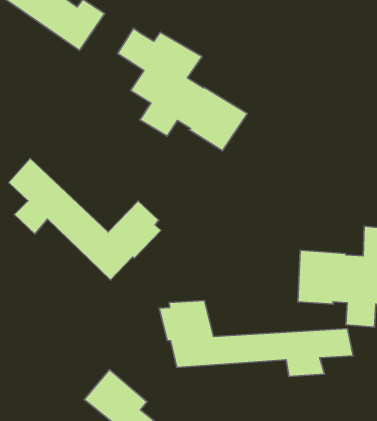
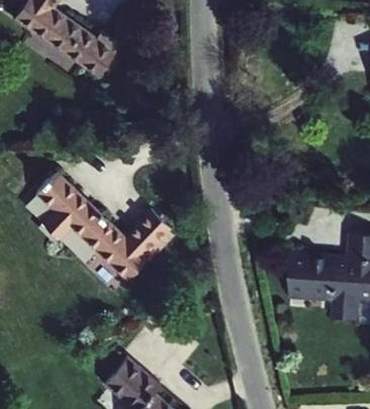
building: [118,28,247,151] -> none
building: [159,300,353,376] -> none

